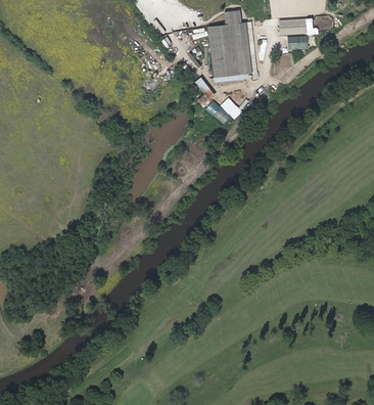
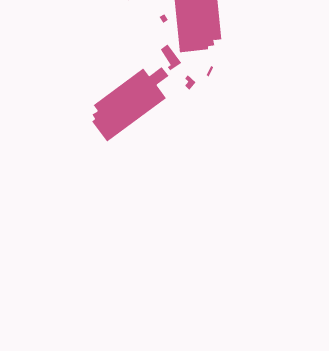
building: none -> [92,66,169,143]

